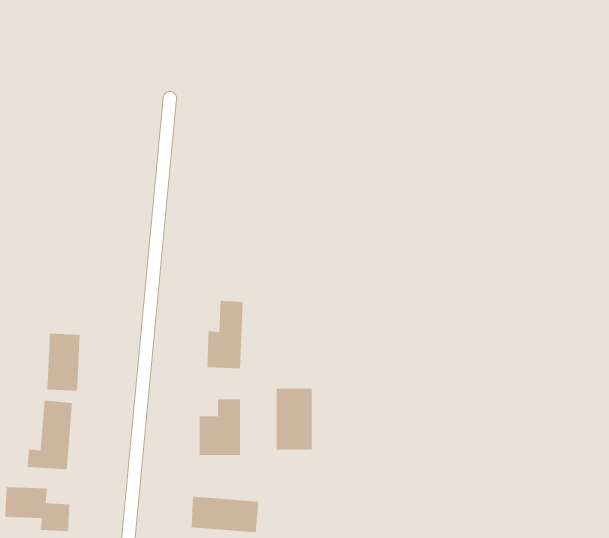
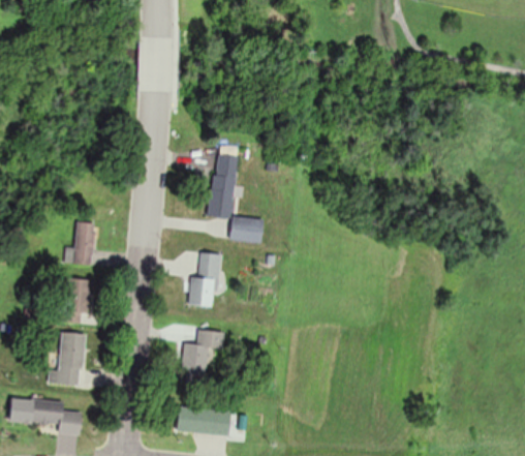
building: none -> [209,154,262,242]
building: none -> [65,221,94,265]
building: [276,388,312,451] -> none

